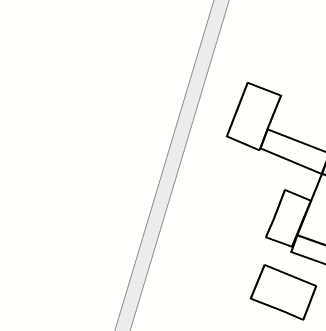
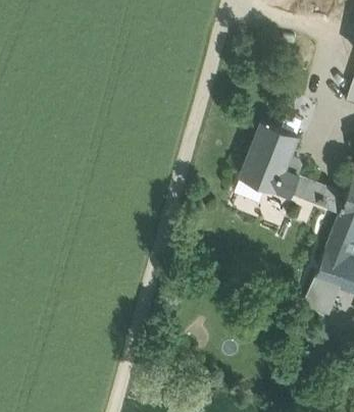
building: [266,190,311,247] -> none
building: [251,265,316,320] -> none

